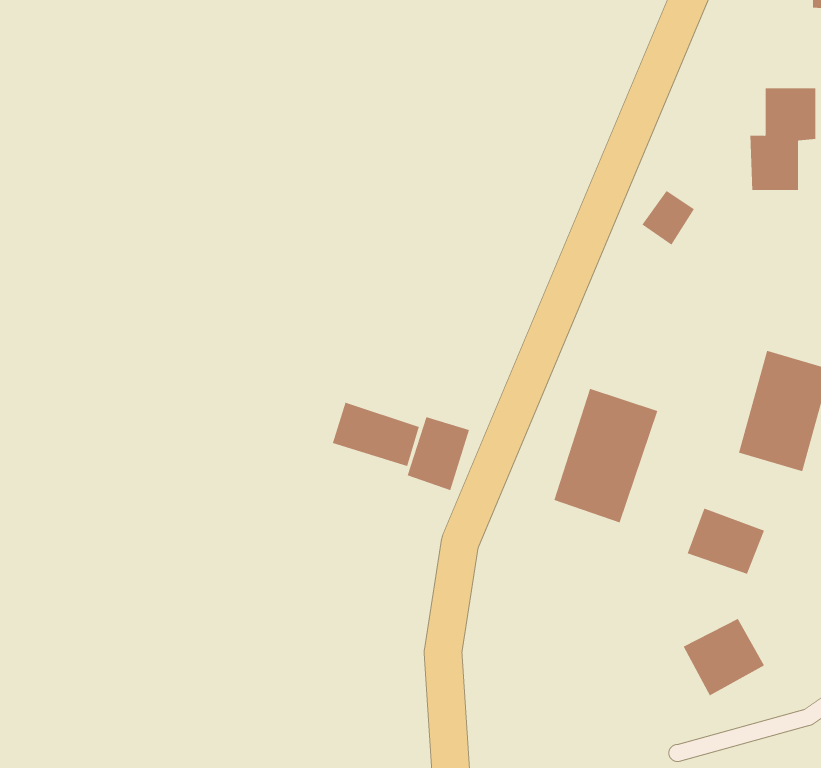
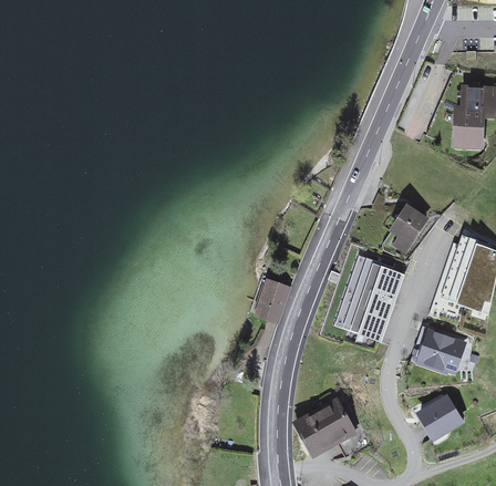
building: [641,190,695,245] -> [391,209,422,241]
building: [332,402,419,467] -> none
building: none -> [292,387,370,455]

